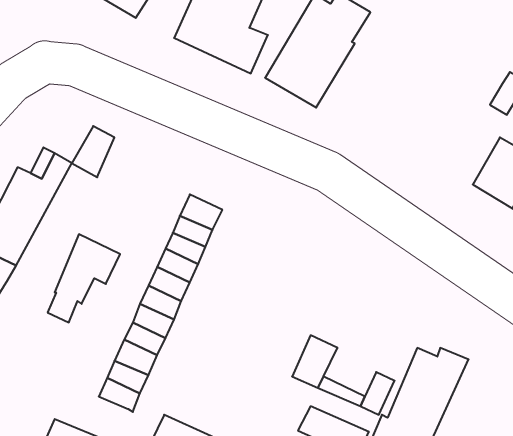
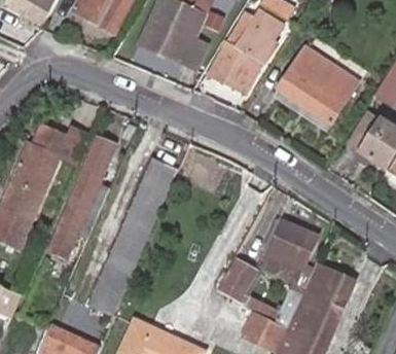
building: none -> [274,56,352,123]
building: none -> [73,136,116,203]
building: none -> [256,216,313,283]

